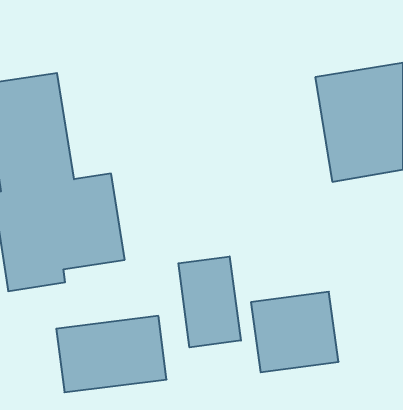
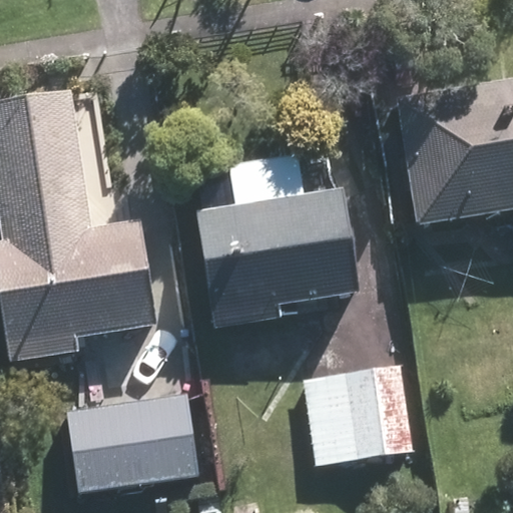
building: none -> [194,191,356,328]
building: [178,256,241,347] -> none

